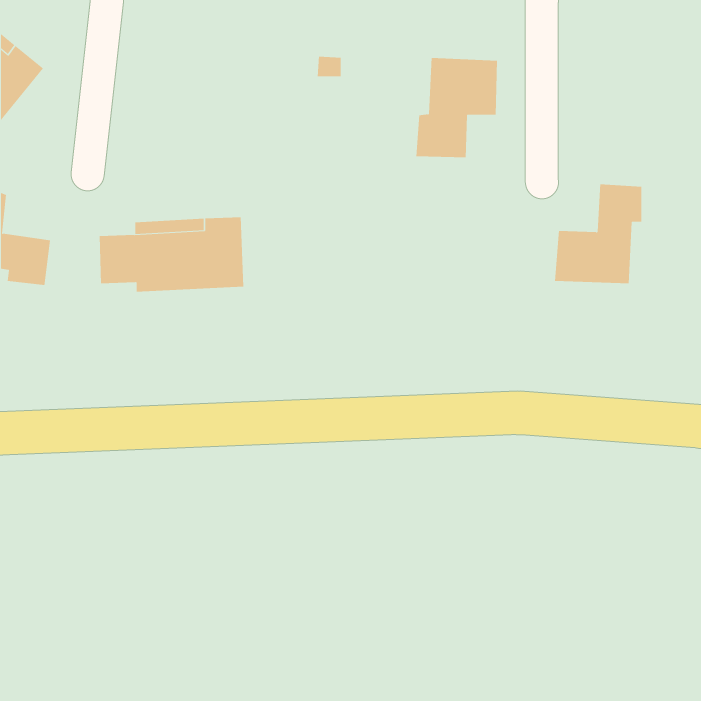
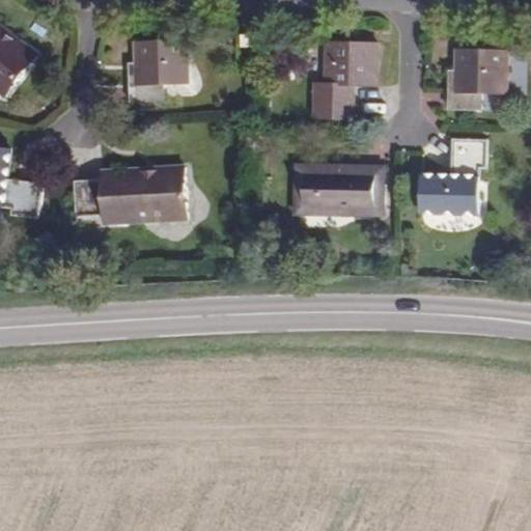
building: none -> [125,40,183,102]
building: none -> [449,50,506,110]
building: none -> [297,166,380,211]

